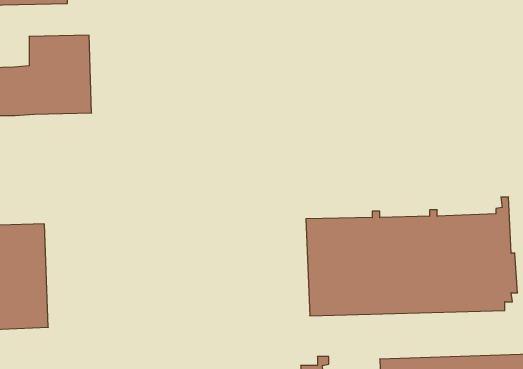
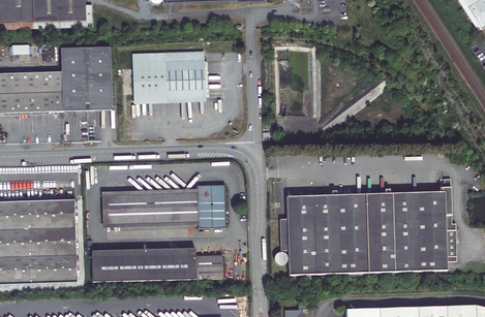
building: none -> [132,51,205,99]
building: none -> [100,185,222,227]
building: none -> [89,248,220,283]

